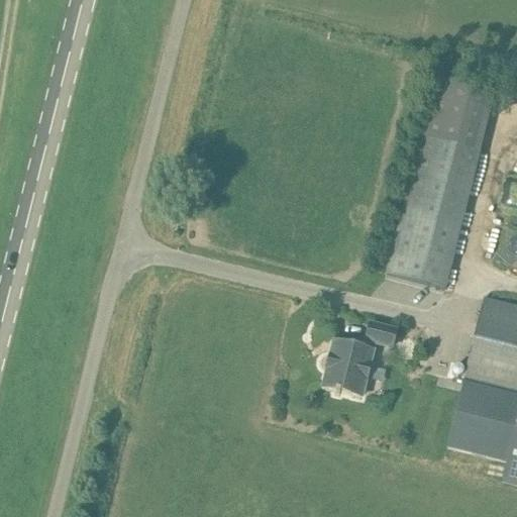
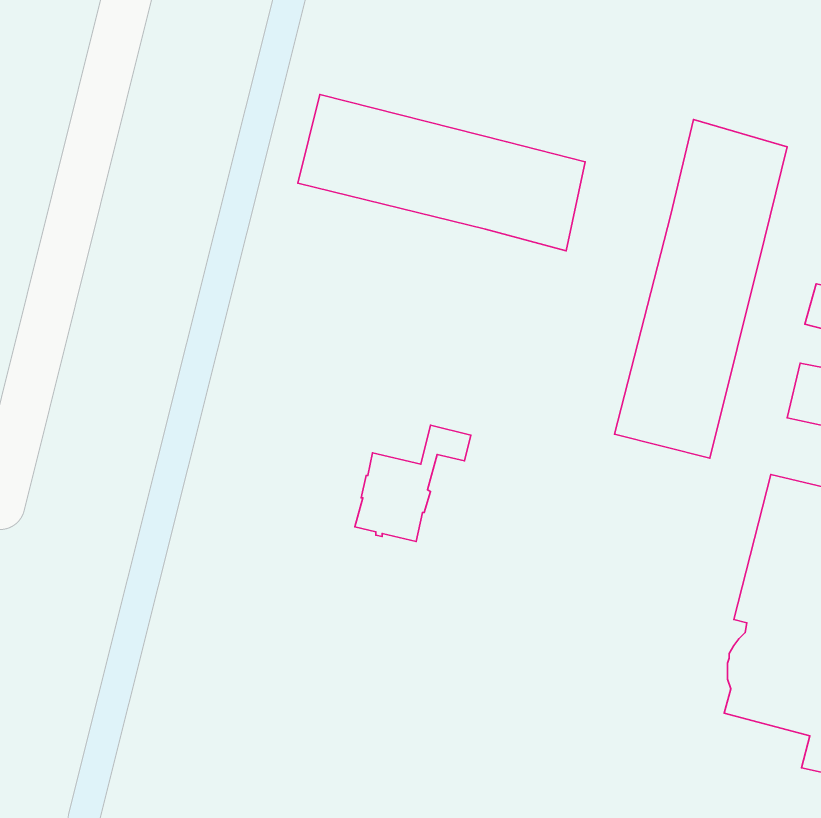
building: none -> [298,94,585,251]
building: [324,322,397,395] -> [355,425,471,541]

